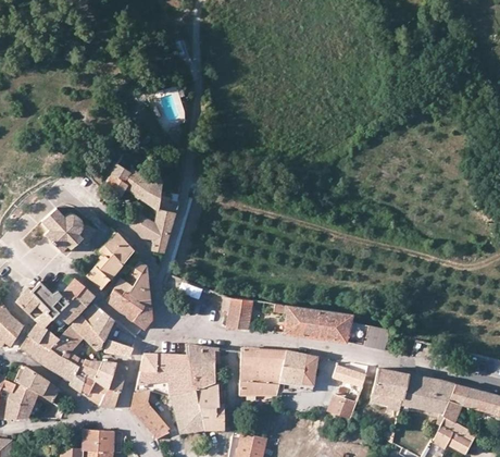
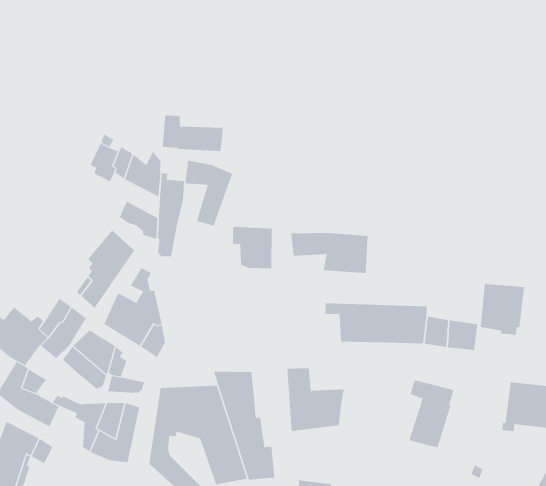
building: none -> [162,114,223,152]
building: none -> [185,160,233,227]
building: [41,208,95,252] -> none
building: [221,295,252,330] -> [232,226,273,269]
building: [50,325,84,357] -> none
building: [258,349,316,385] -> [290,233,369,274]
building: [58,360,84,393] -> none
building: [371,369,408,410] -> [480,284,525,335]

